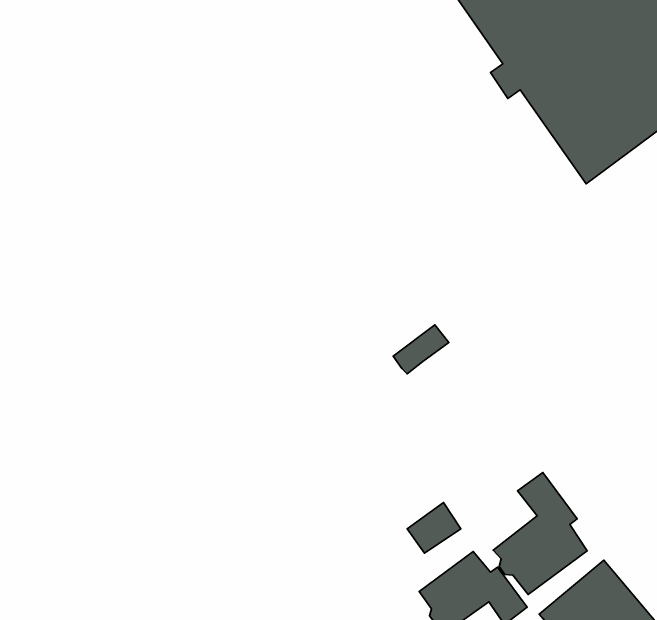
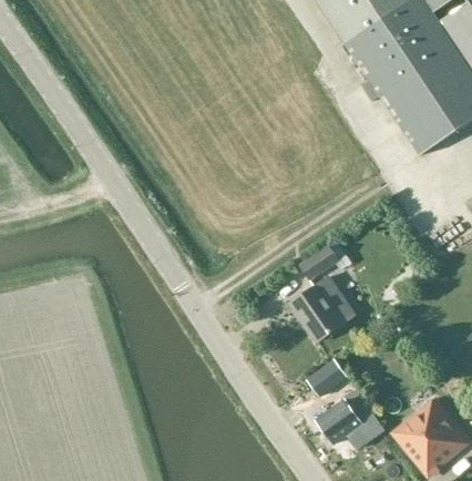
building: none -> [288,274,353,341]
building: [493,473,587,595] -> none

